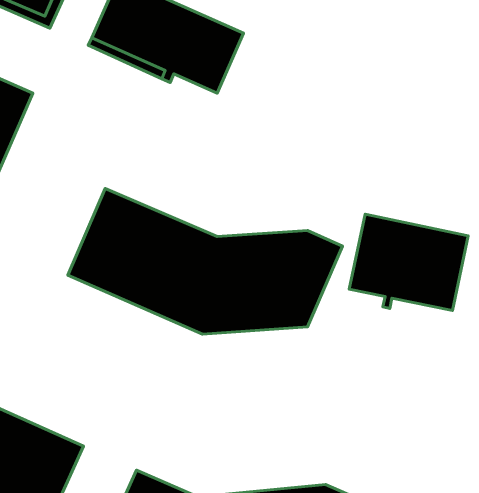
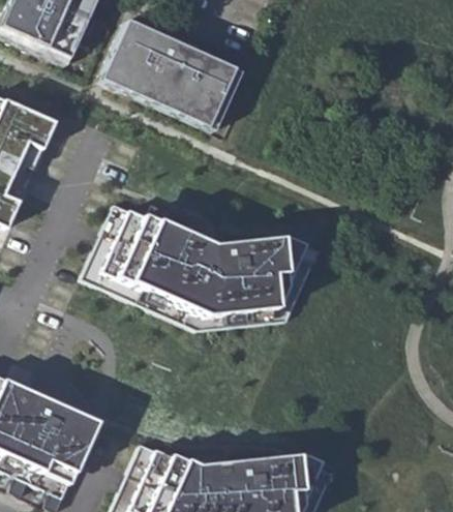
building: none -> [171,67,240,129]
building: [349,214,468,311] -> none

